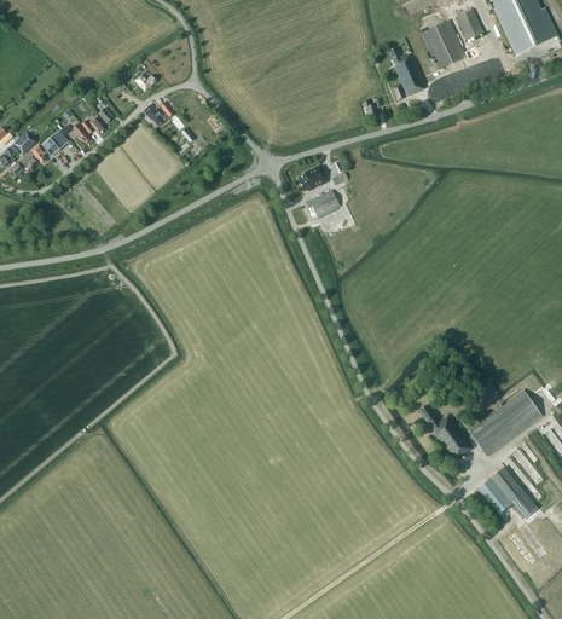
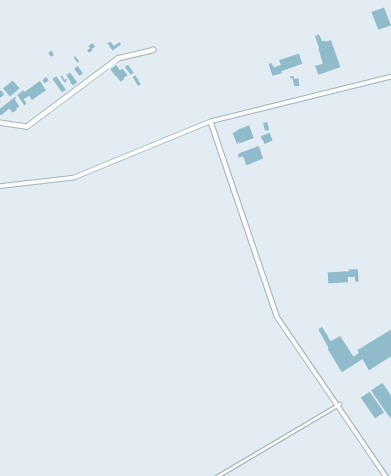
building: [421,19,467,69] -> none
building: none -> [267,52,304,77]
building: none -> [327,268,359,284]

